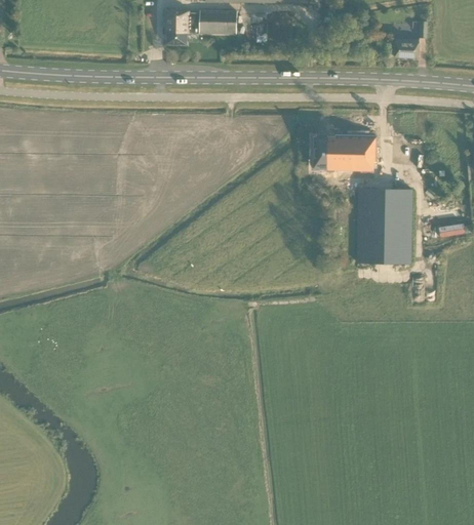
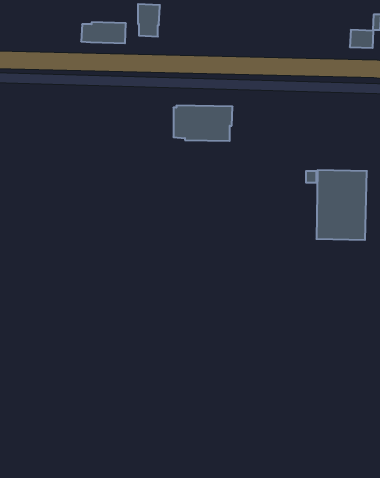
building: [190,11,238,34] -> [81,22,126,43]
building: [315,134,379,172] -> [173,106,233,141]

